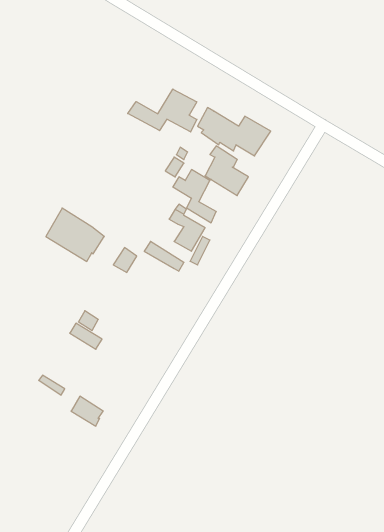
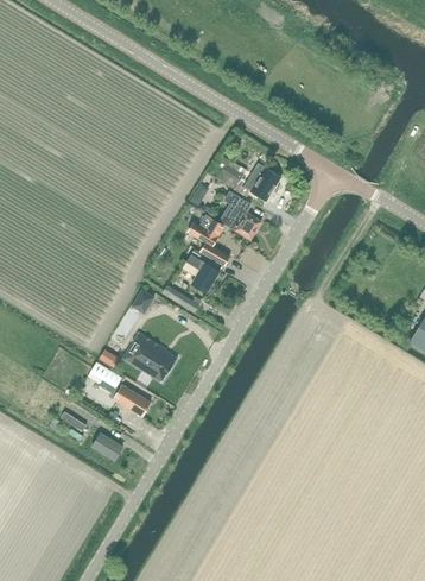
building: [128,89,197,132] -> none
building: [46,208,104,261] -> [122,330,178,381]
building: none -> [113,384,151,416]

